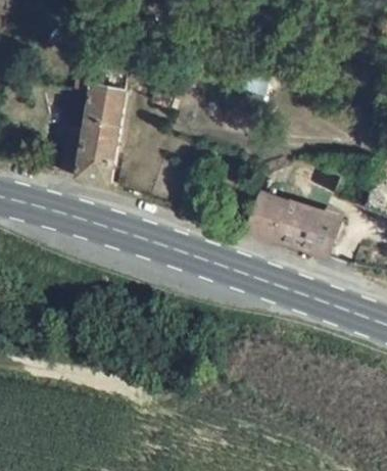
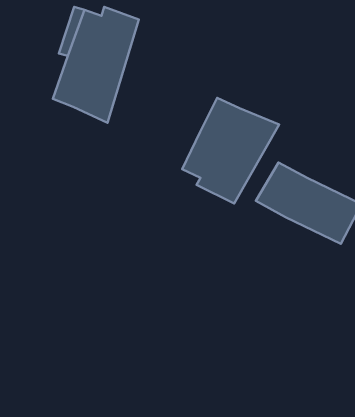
building: none -> [182,98,279,203]

